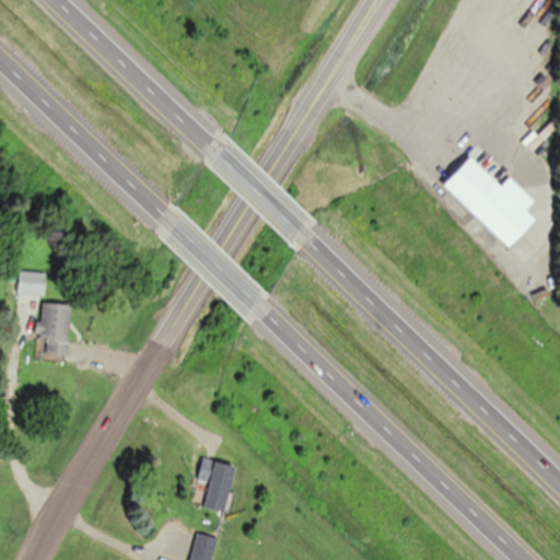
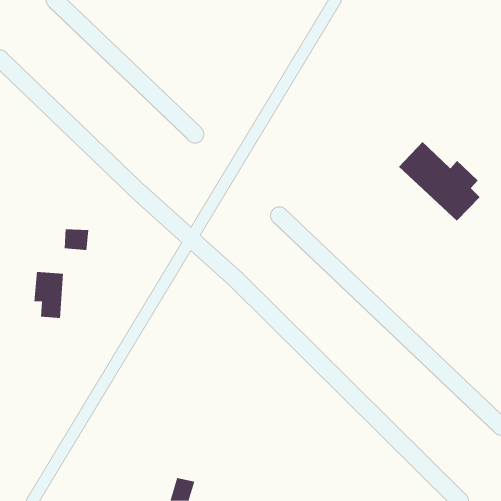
building: [18,271,46,295] -> [64,229,89,250]
building: [197,458,235,511] -> none

